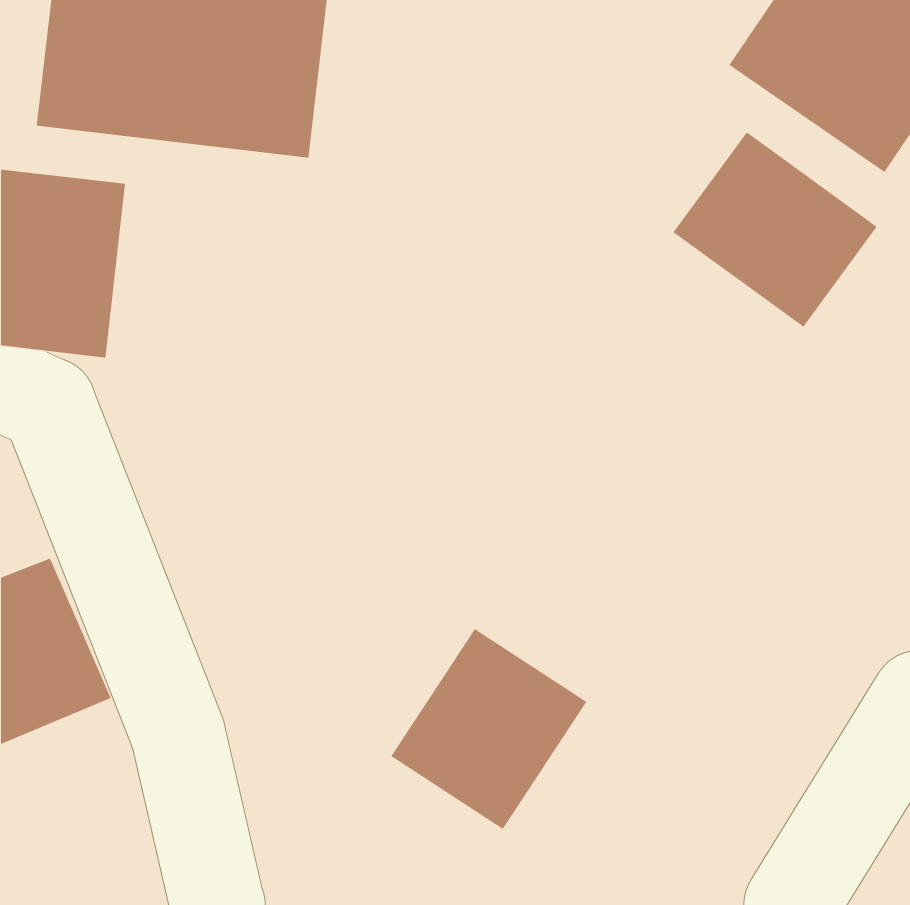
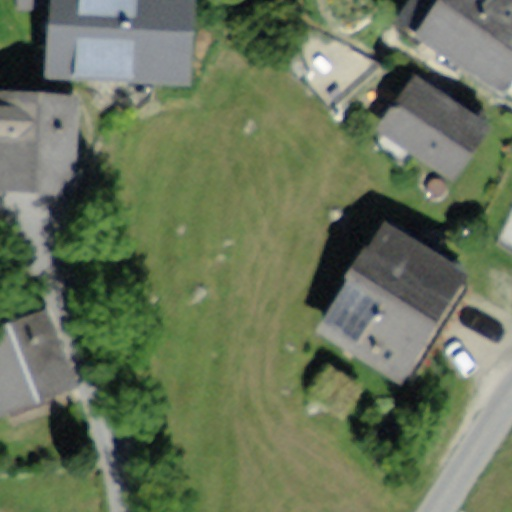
building: none -> [309,219,475,389]
building: [391,628,587,830] -> none

